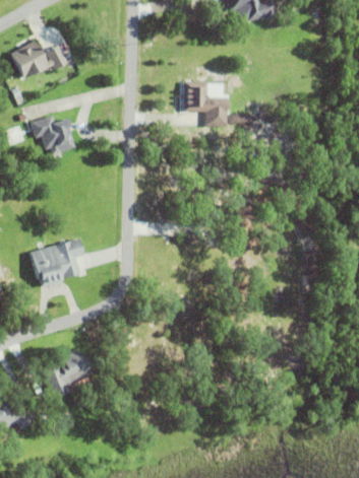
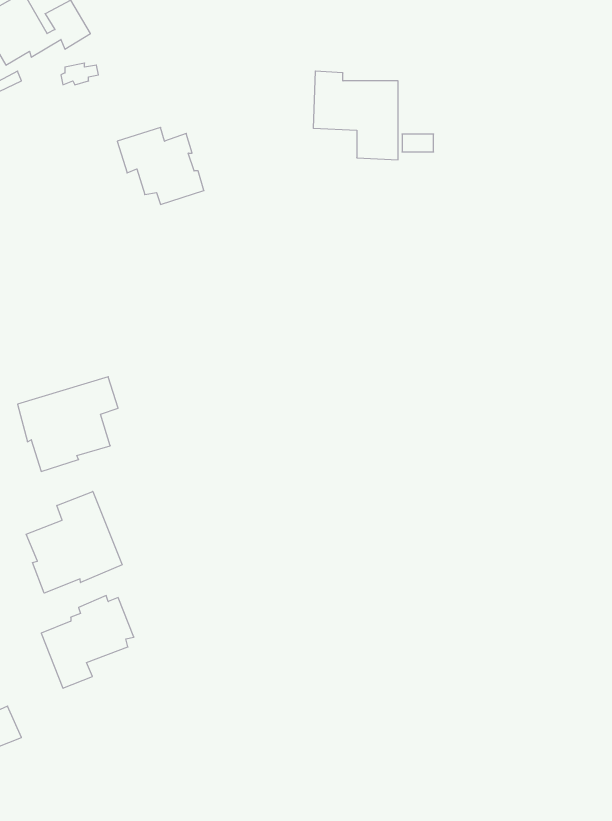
building: [31,114,75,153] -> [117,127,204,204]
building: none -> [26,491,122,593]

